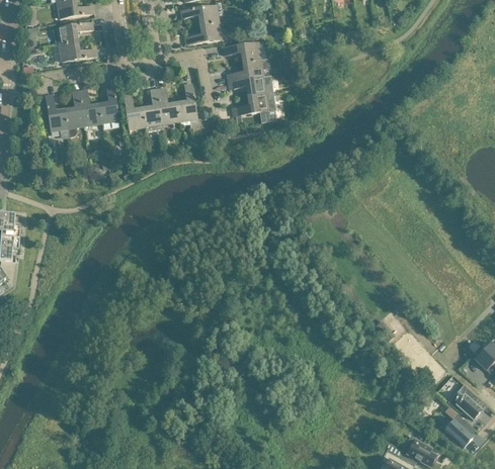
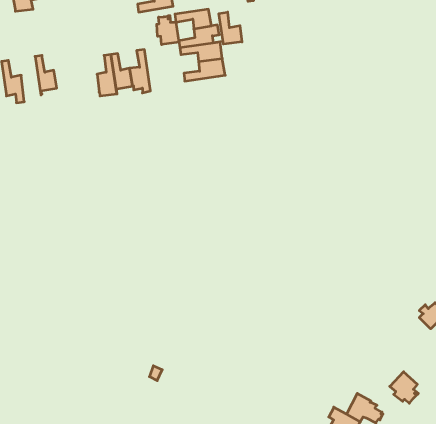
building: [59,41,96,61] -> none
building: none -> [219,12,242,44]
building: none -> [157,16,179,45]
building: [98,85,118,122] -> none
building: [65,90,85,136] -> none
building: [122,92,145,128] -> none
building: [453,383,481,418] -> none

